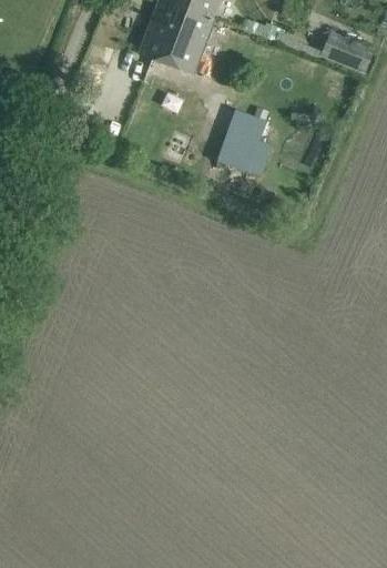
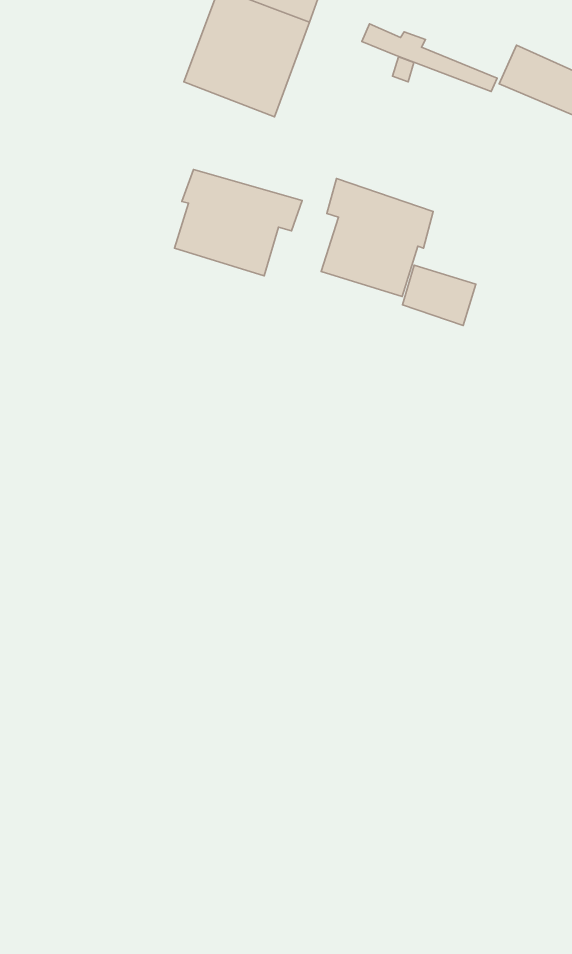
building: none -> [174,170,302,276]
building: none -> [402,265,476,325]

